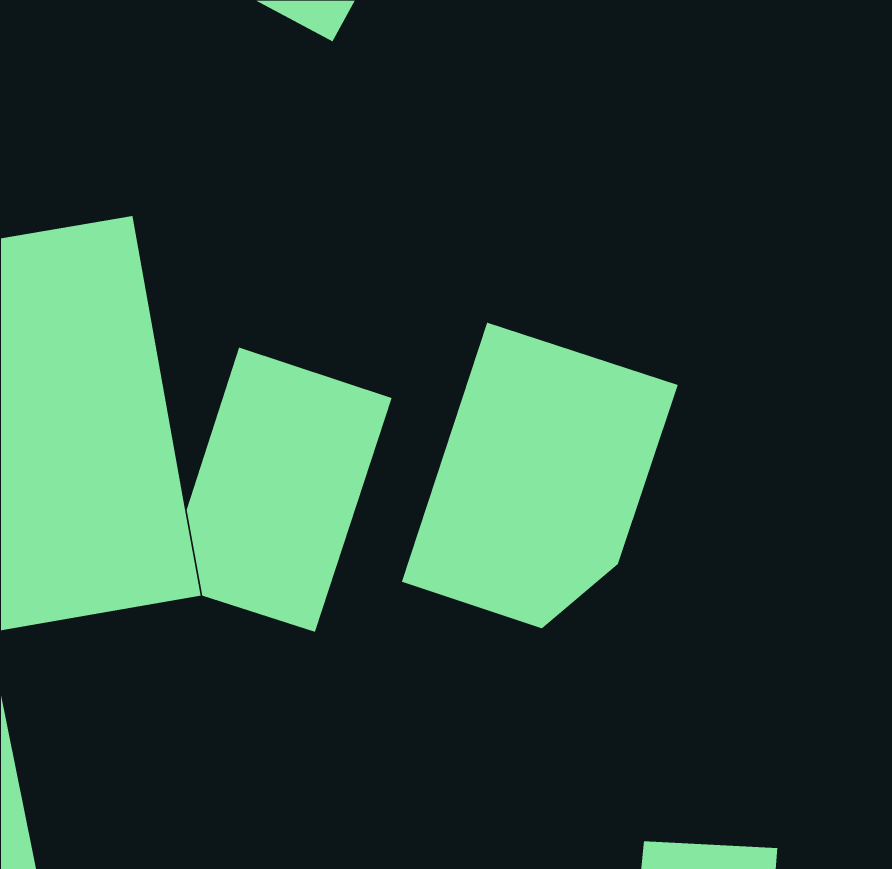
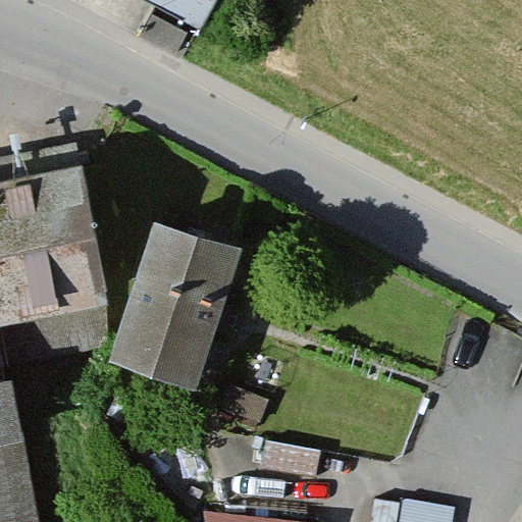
building: [401,322,678,629] -> none

